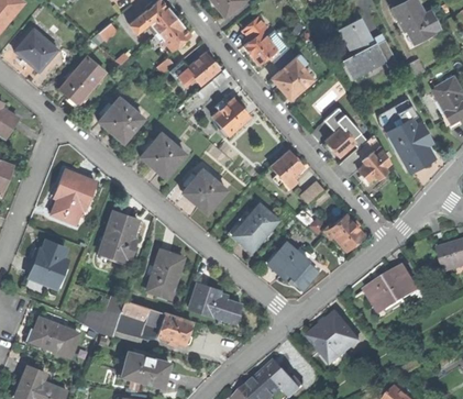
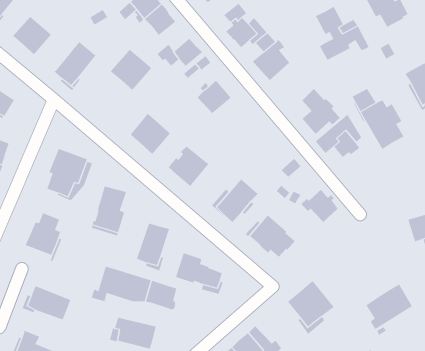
building: [98,97,143,142] -> [110,49,152,91]
building: [271,149,304,188] -> none
building: [366,266,417,315] -> [366,284,413,330]

